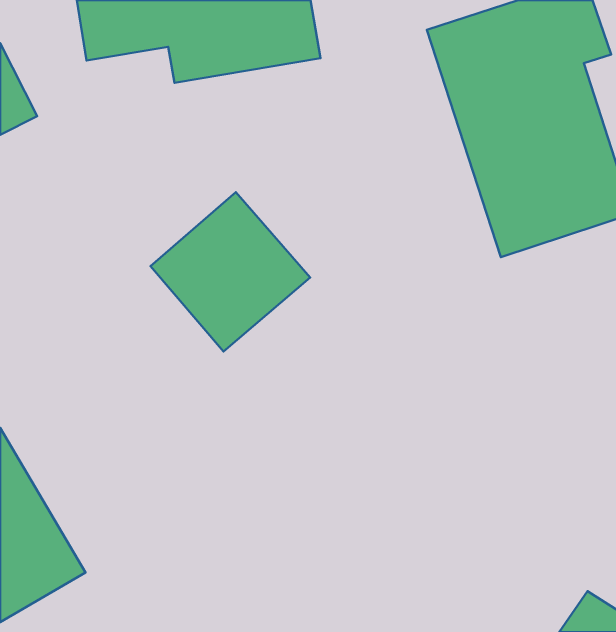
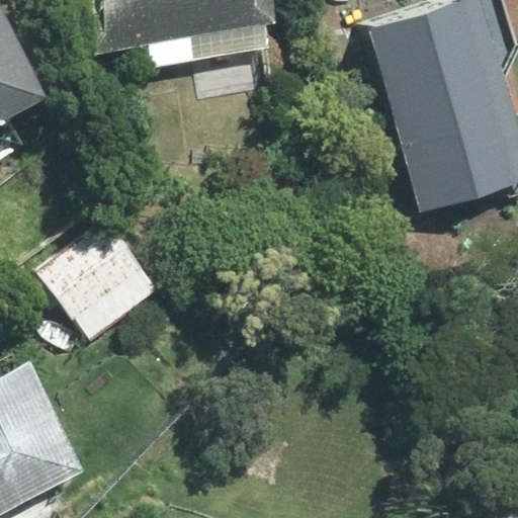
building: [150,192,310,352] -> [36,215,167,346]

